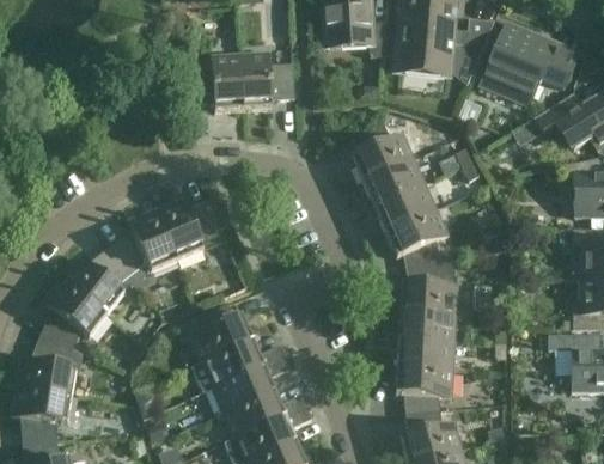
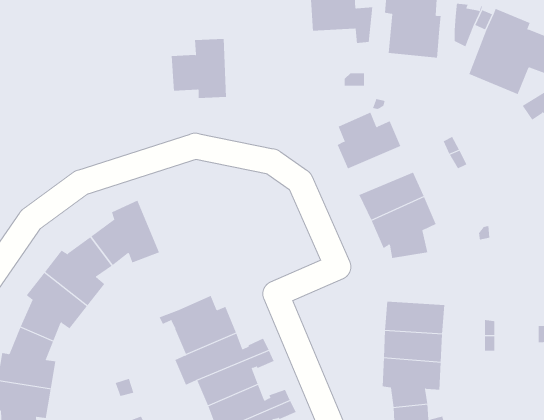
building: [242,50,295,110] -> none
building: [362,158,427,206] -> none
building: [157,199,222,262] -> none
building: [401,260,459,313] -> none

